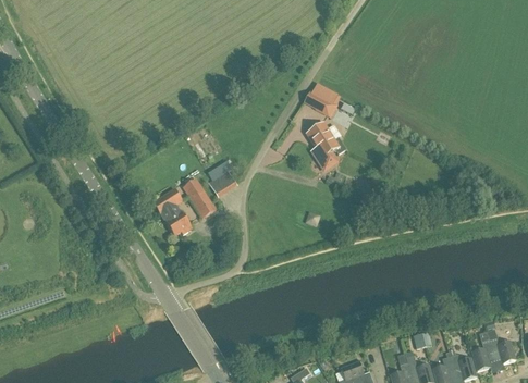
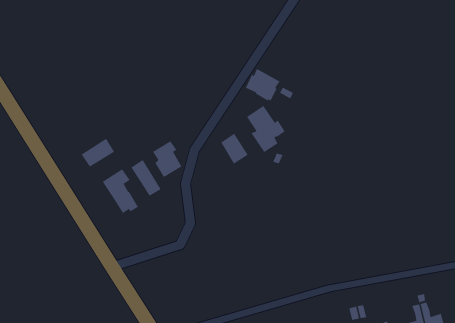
building: none -> [220,133,249,164]
building: none -> [81,138,115,168]

